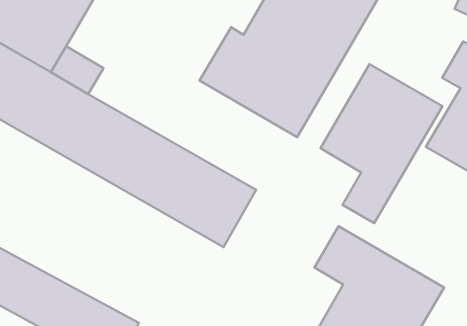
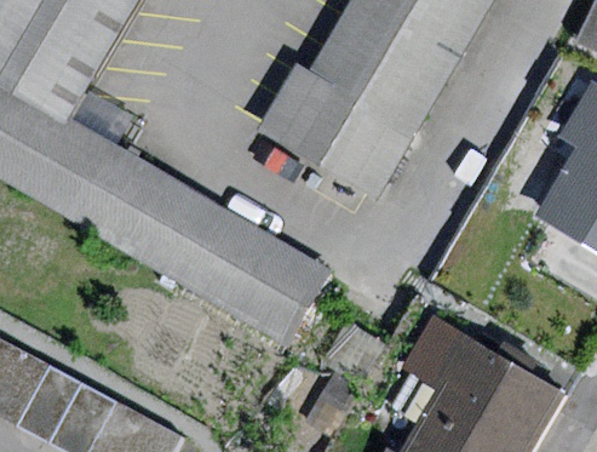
building: [320,64,442,223] -> none

